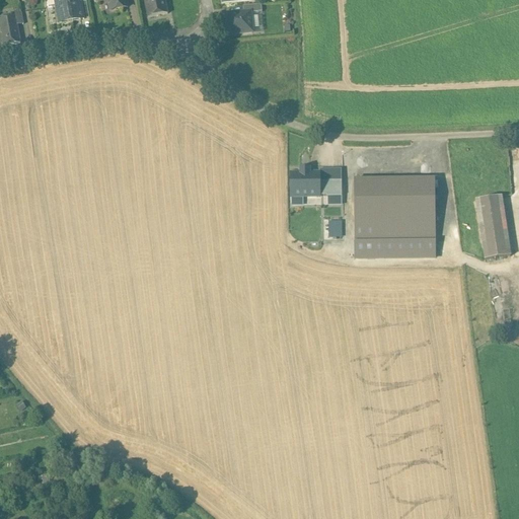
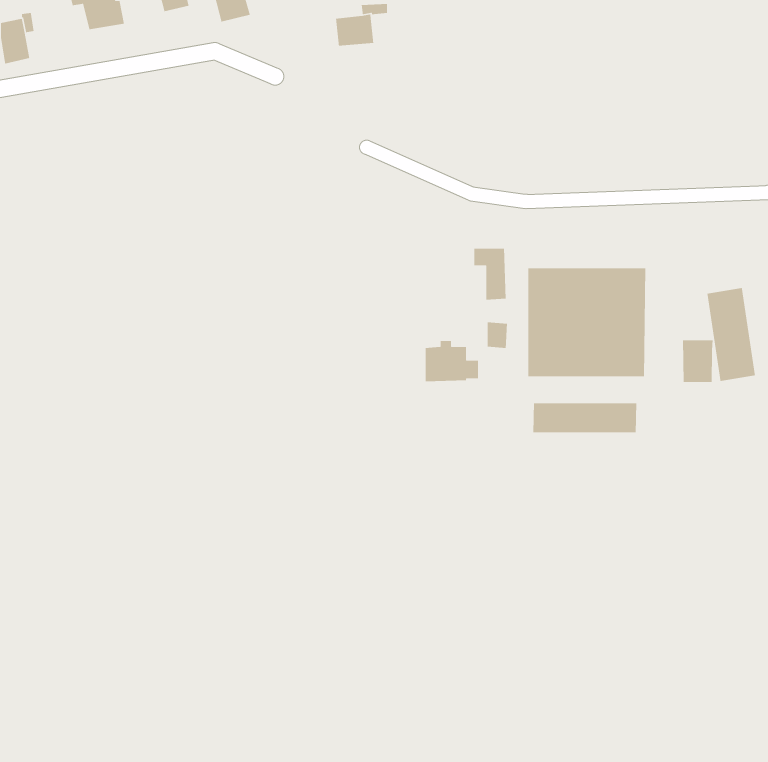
building: [291,166,327,195] -> [425,340,479,382]
building: none -> [682,339,713,383]
building: none -> [532,403,637,433]

